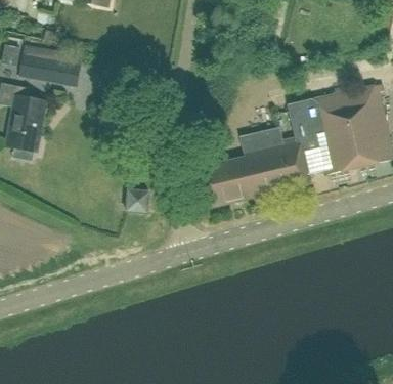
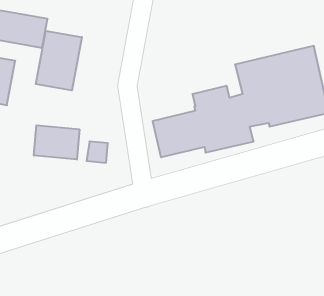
building: none -> [36,31,82,90]
building: none -> [34,125,79,160]

